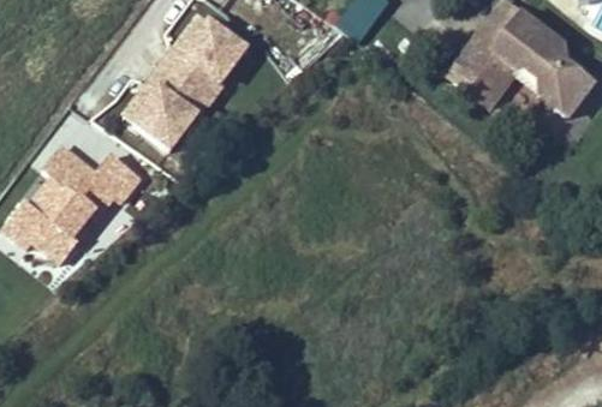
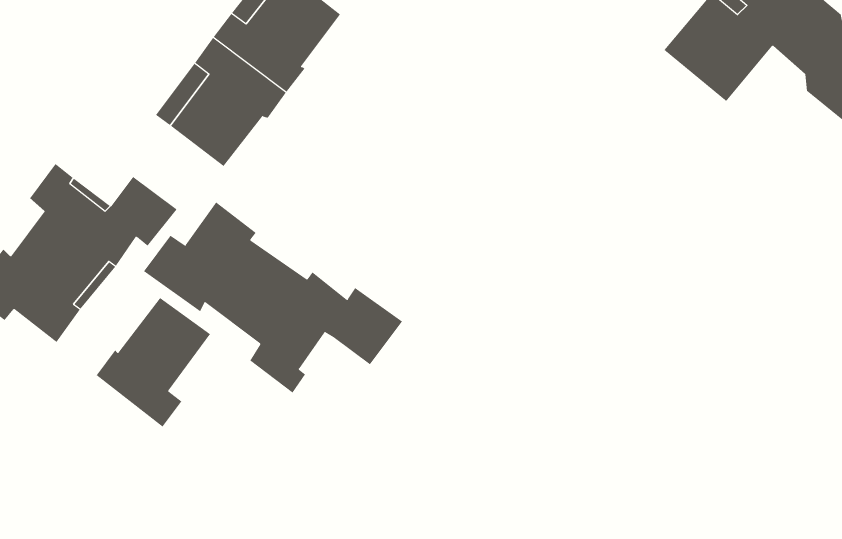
building: none -> [143,201,403,394]
building: none -> [96,297,211,427]

